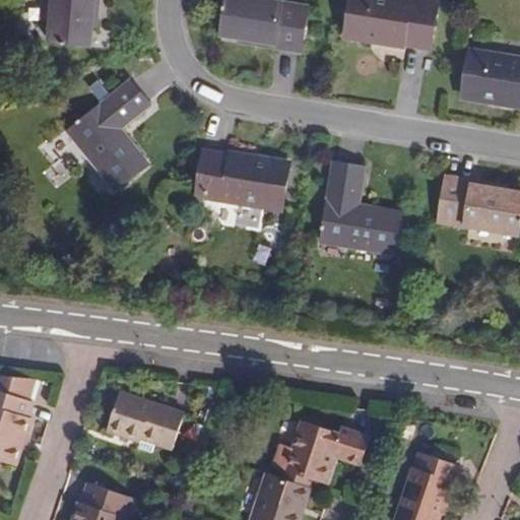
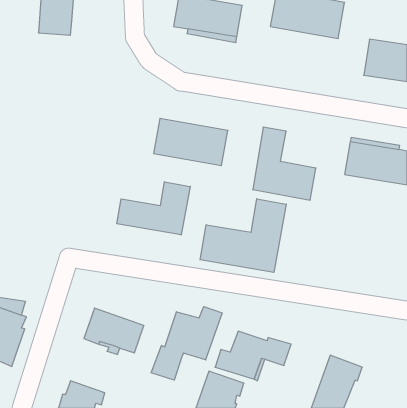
building: [67,79,150,189] -> none
building: none -> [117,182,190,235]
building: none -> [200,199,286,272]
building: none -> [151,307,222,380]

